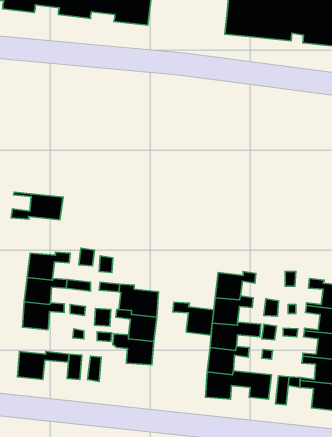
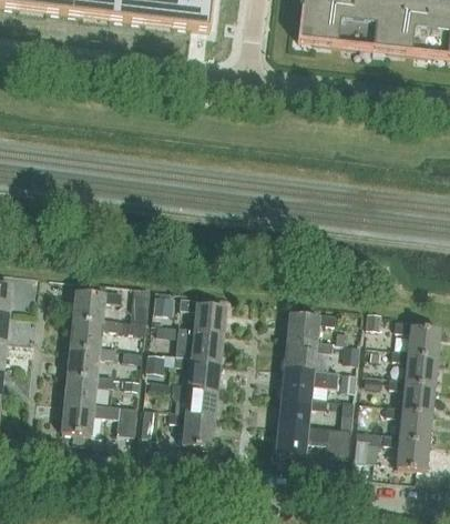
building: [11,192,63,220] -> none
building: [173,302,214,335] -> [180,299,226,336]
building: none -> [64,376,113,407]
building: none -> [167,412,215,450]

